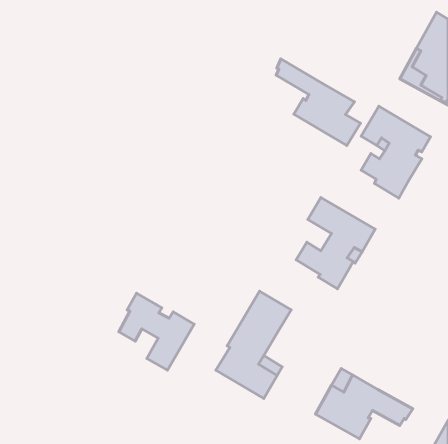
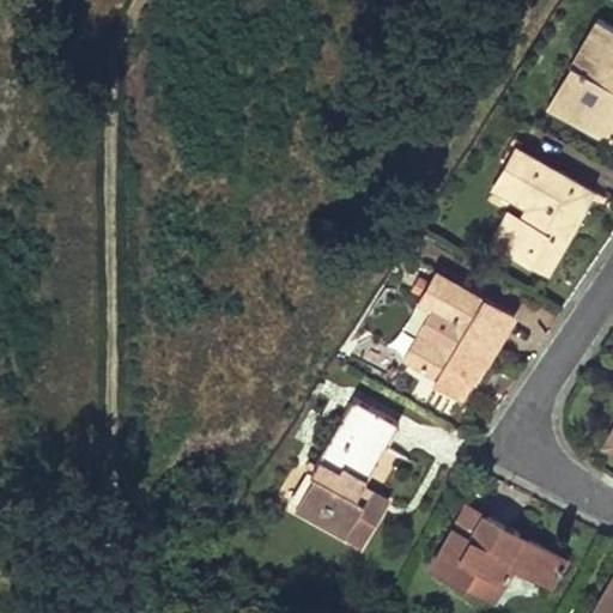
building: [276,59,361,146] -> none
building: [119,293,194,370] -> none

